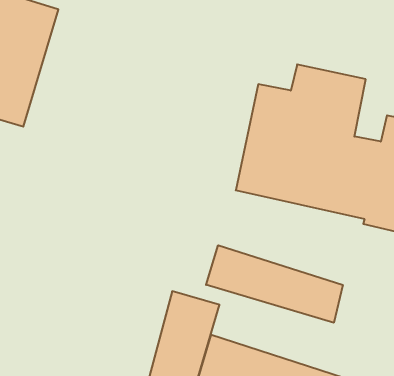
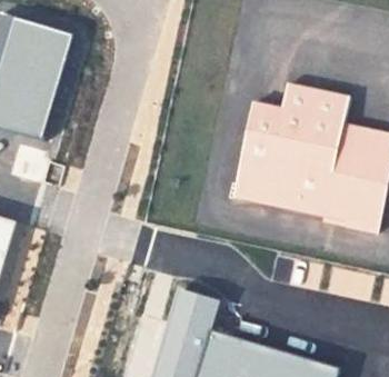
building: [206,245,343,323] -> none

